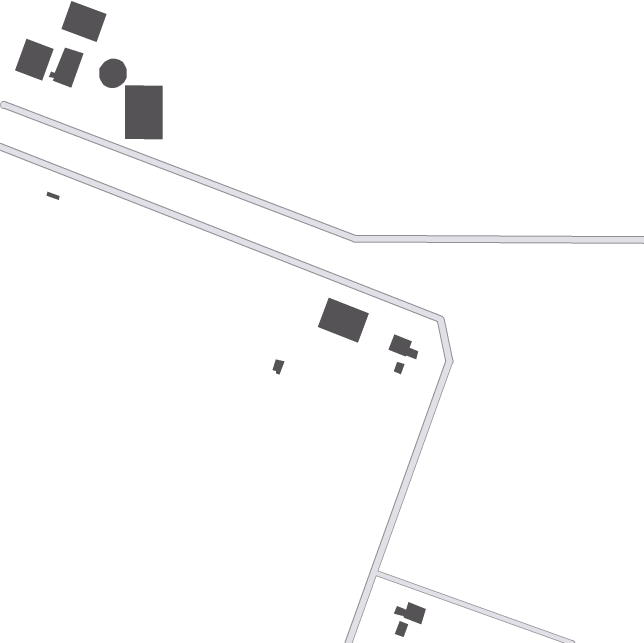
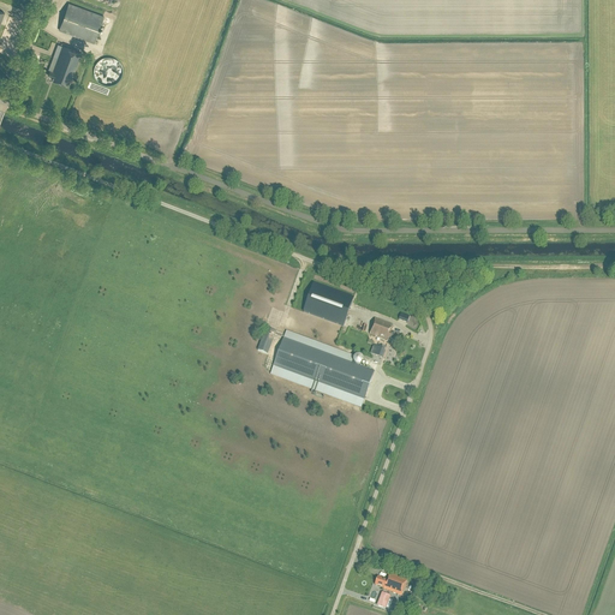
building: [14,38,54,81] -> none
building: [124,84,163,140] -> none
building: none -> [273,336,374,405]

